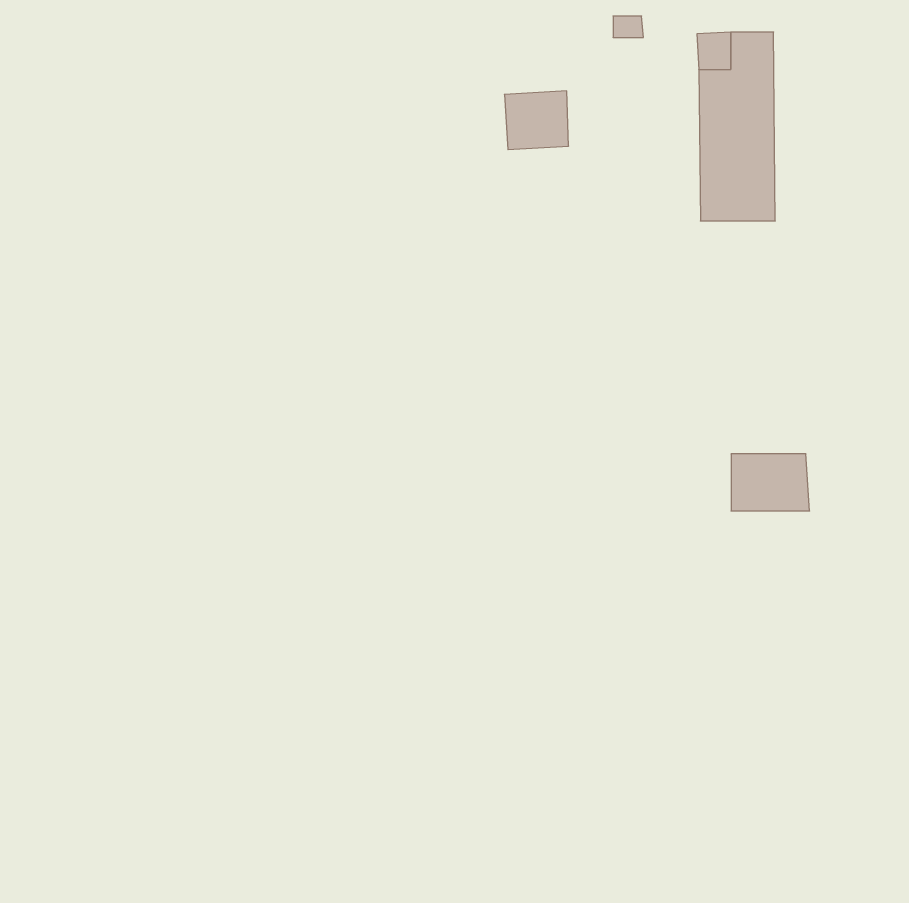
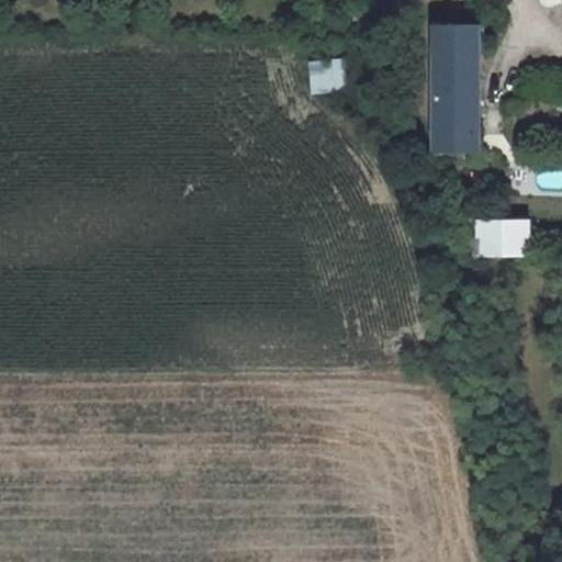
building: [731,454,810,511] -> [476,222,525,257]

